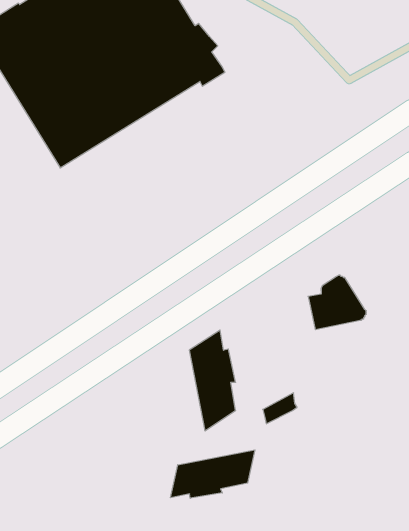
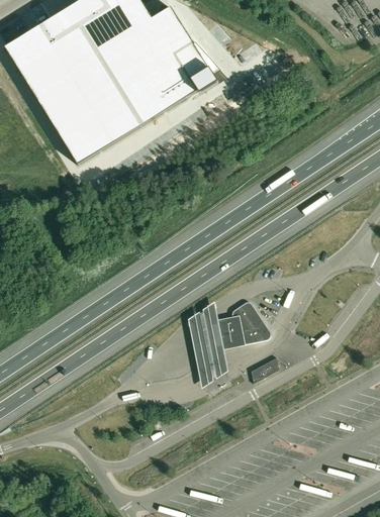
building: [308,275,366,330] -> [220,299,270,345]
building: [170,450,255,498] -> none

